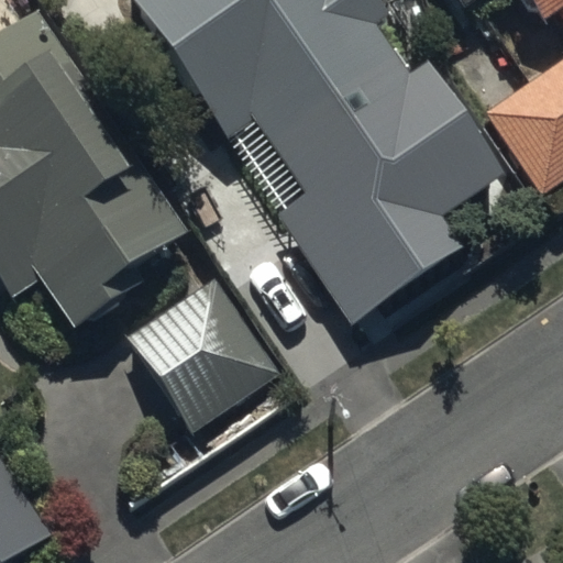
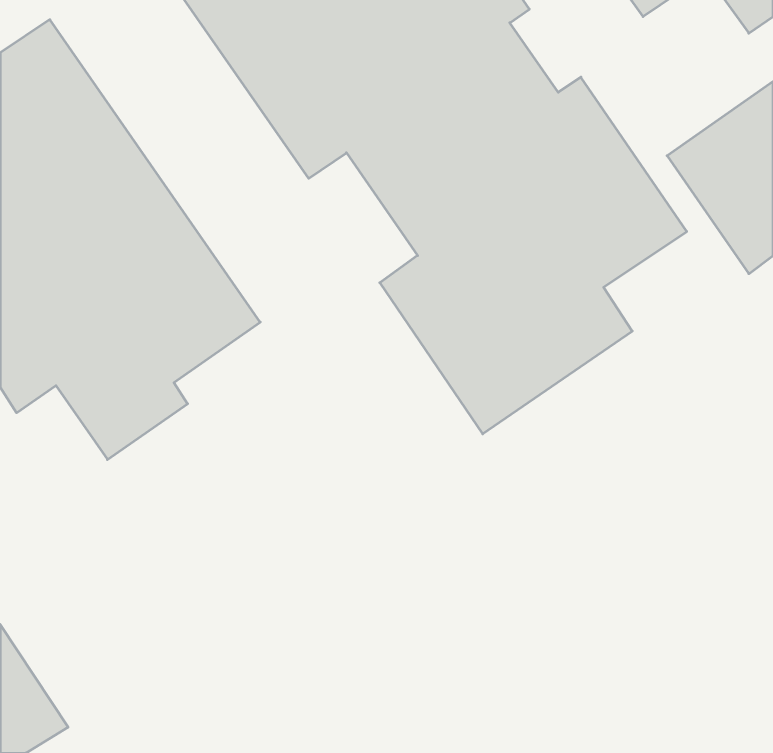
building: [128,278,282,434] -> none

